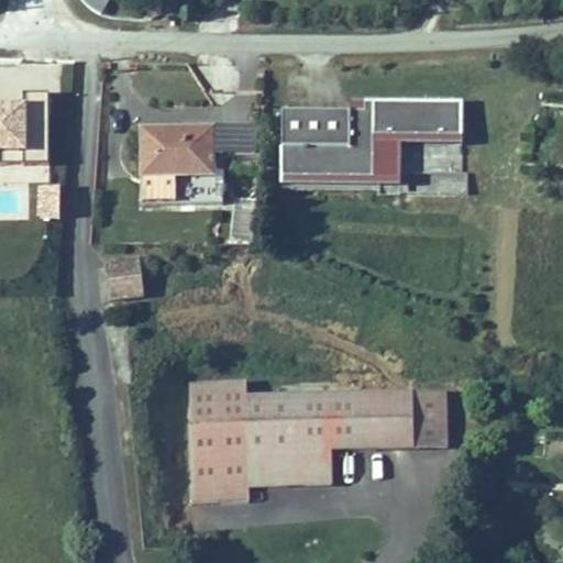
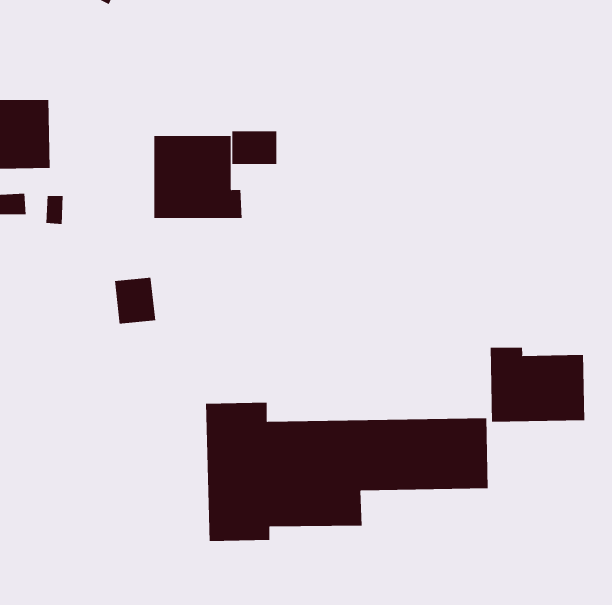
building: [279,101,467,192] -> none
building: none -> [490,347,585,423]

